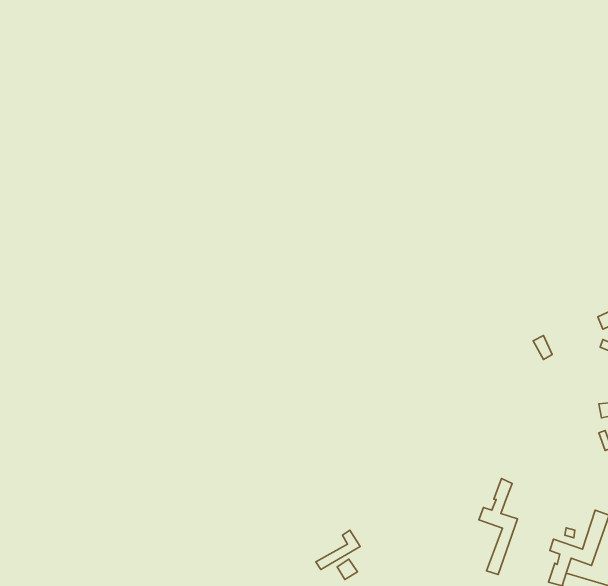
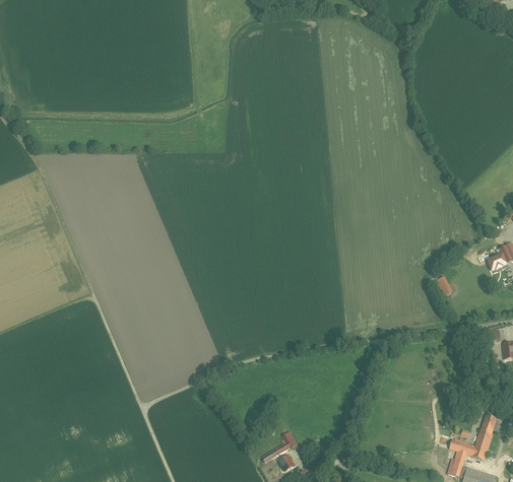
building: [479,479,518,575] -> none

